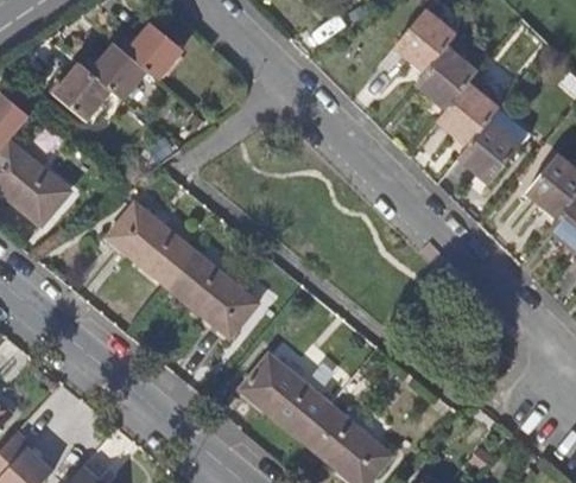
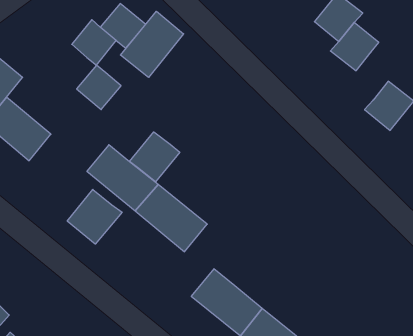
building: none -> [120,11,184,77]
building: [55,65,110,121] -> [77,65,121,110]
building: [437,84,499,145] -> none
building: none -> [129,132,180,182]
building: none -> [67,189,122,244]

